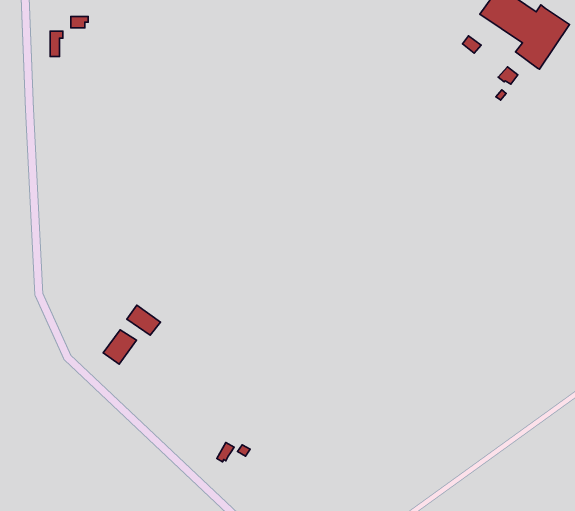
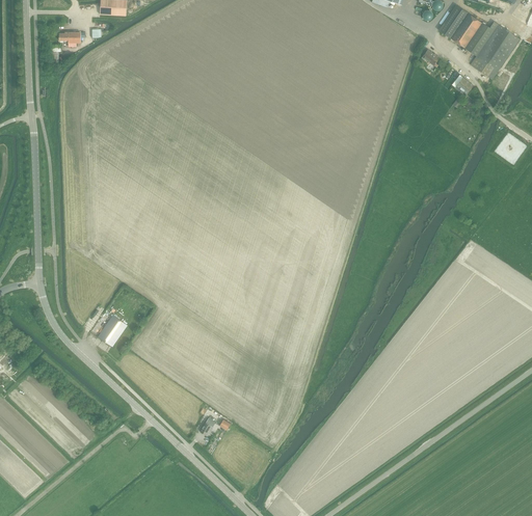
building: [127,305,161,335] -> none

